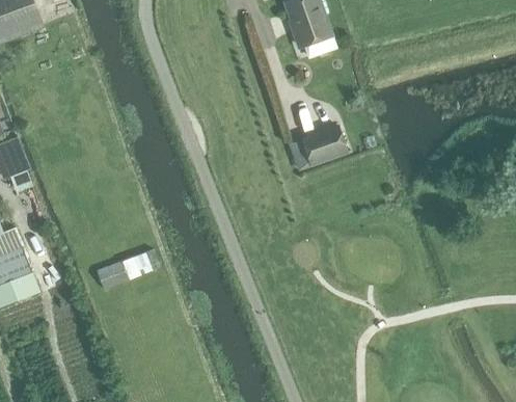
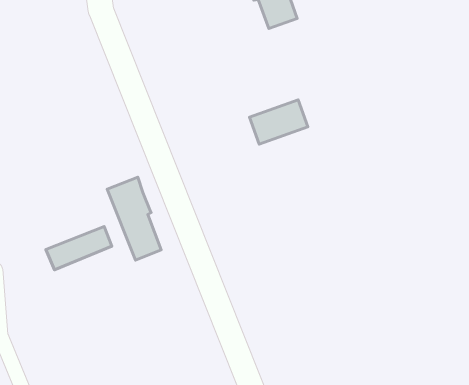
building: none -> [107,177,161,260]

